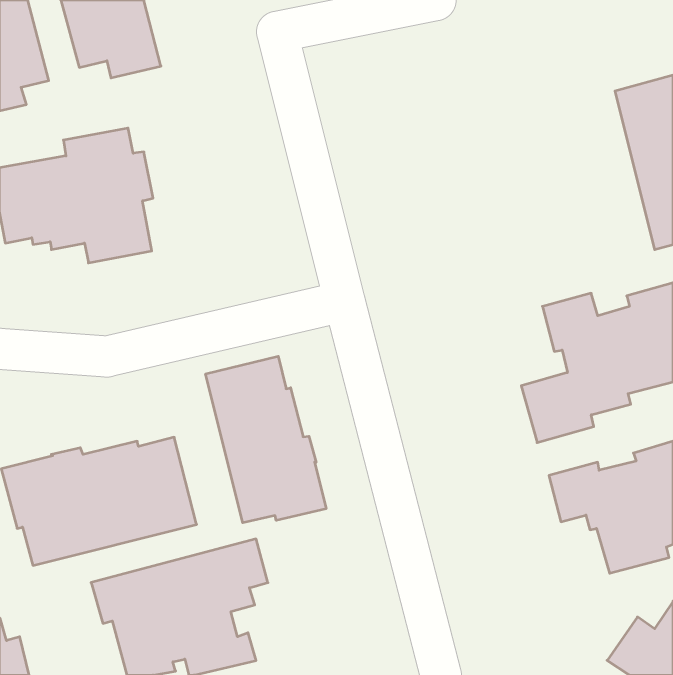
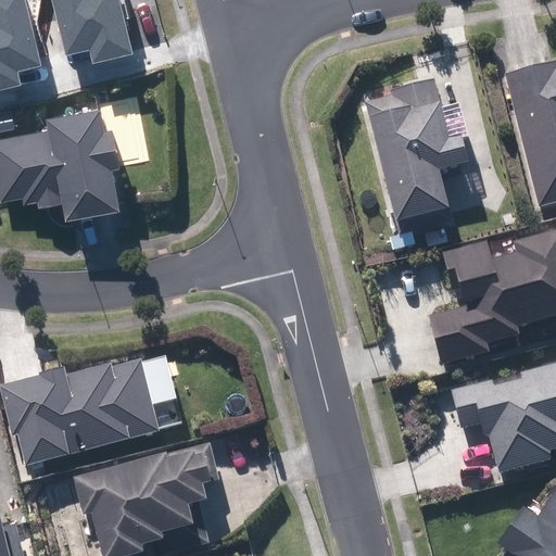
building: none -> [366,80,470,222]
building: [206,356,326,523] -> none

